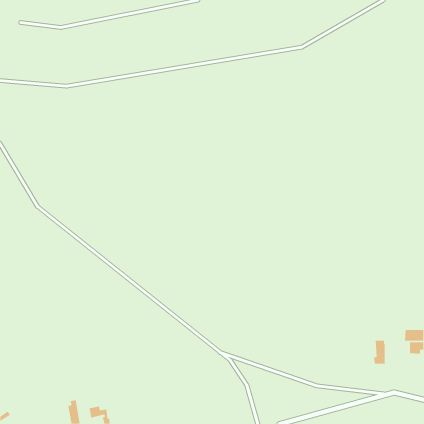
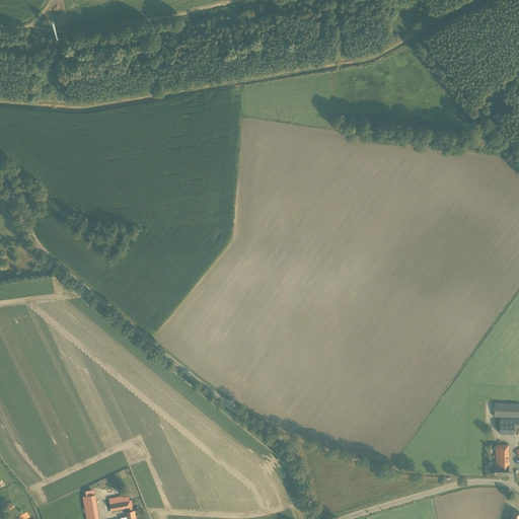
building: [373,340,386,364] -> [493,445,508,474]

